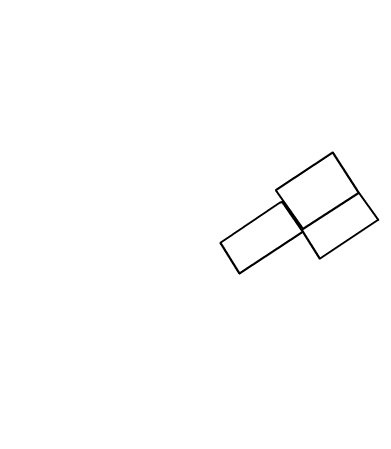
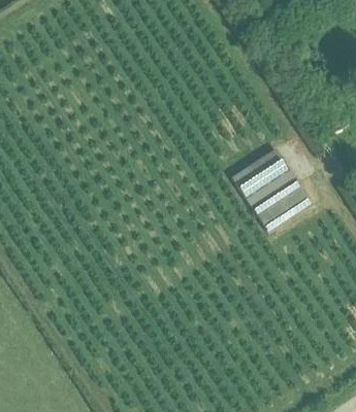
building: [221,202,303,274] -> none

